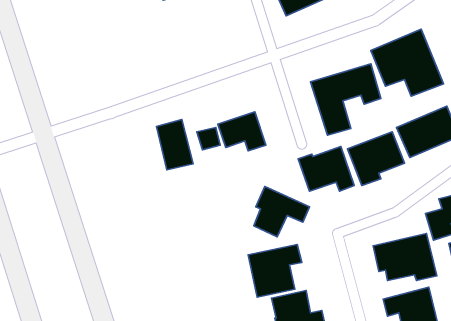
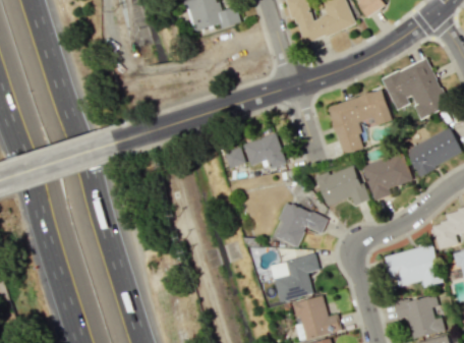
building: [156,120,193,170] -> none

